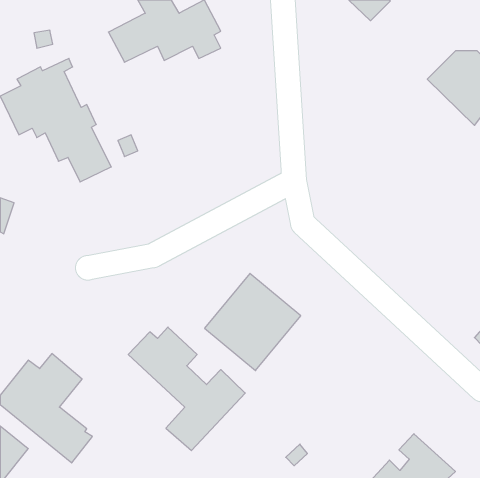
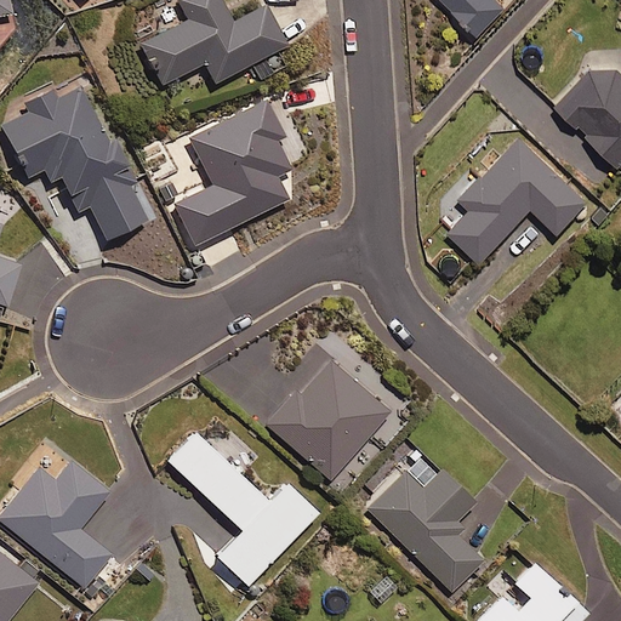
building: none -> [175,103,290,245]
building: none -> [449,136,588,261]
building: none -> [368,469,483,593]

